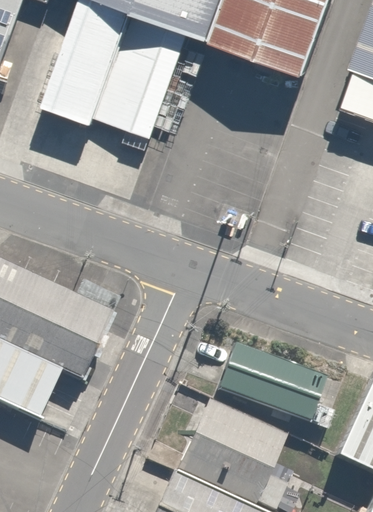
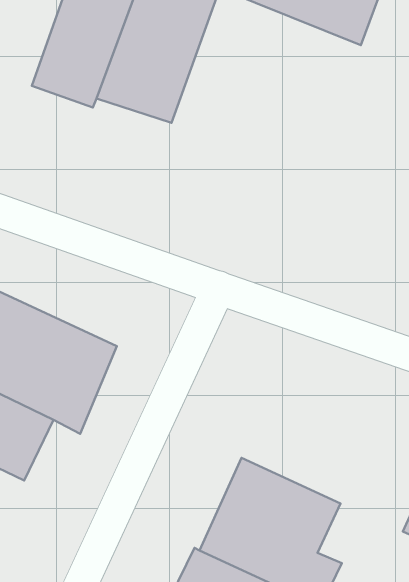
building: [215,344,332,430] -> none

